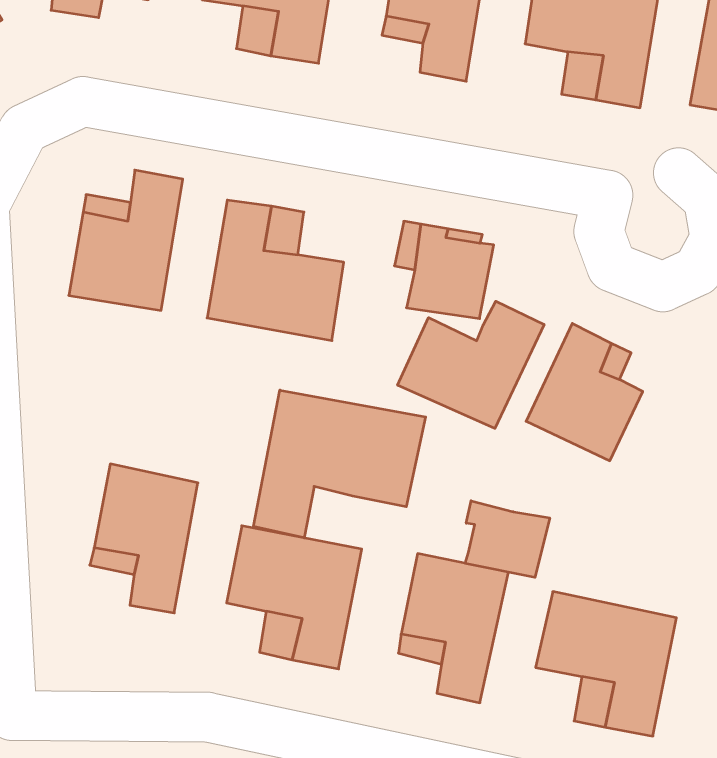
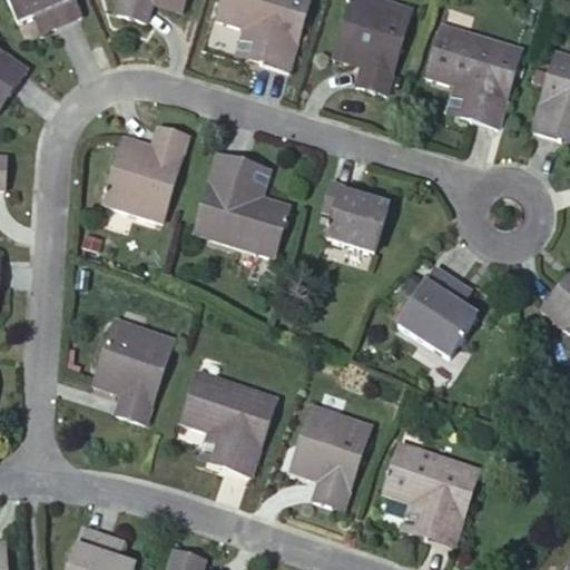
building: [398,301,544,428] -> none
building: [254,390,426,538] -> none
building: [465,501,550,577] -> none

